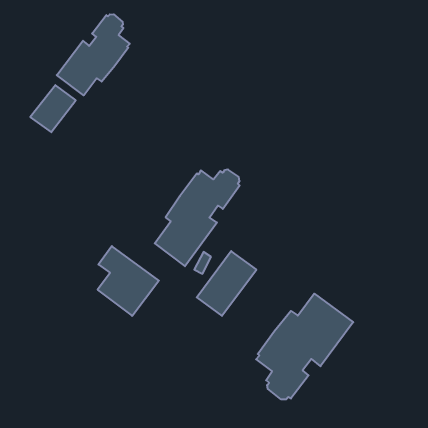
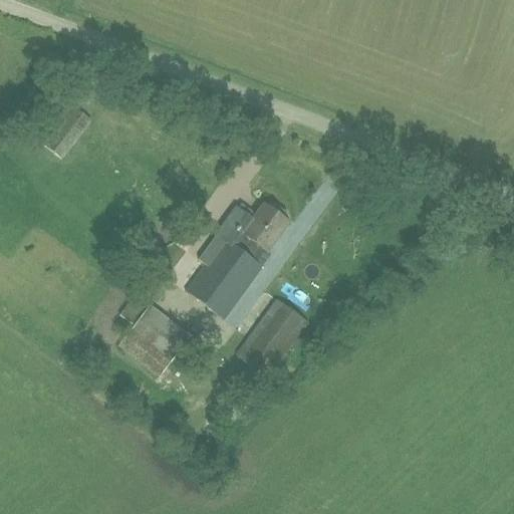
building: [57,14,130,95] -> none
building: [256,294,353,399] -> none

